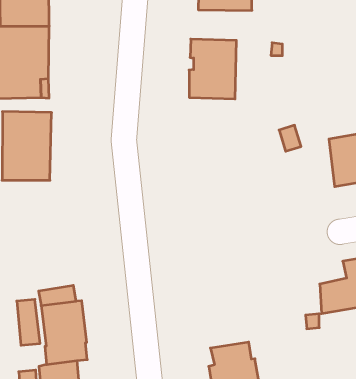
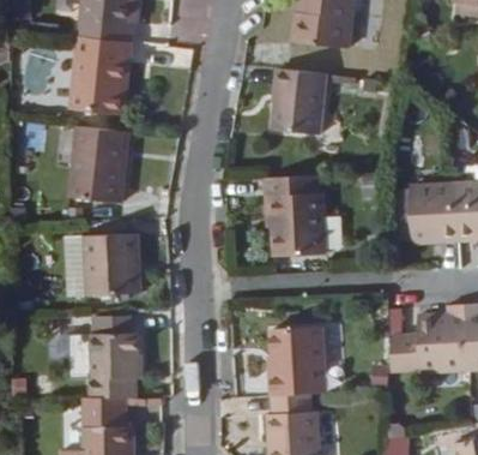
building: none -> [262,176,322,256]
building: none -> [86,237,139,298]
building: none -> [266,327,323,396]

